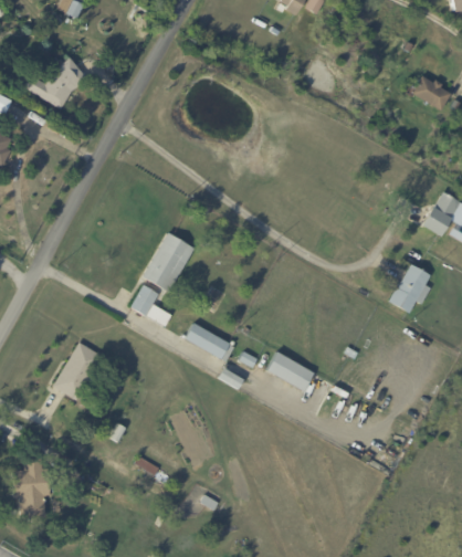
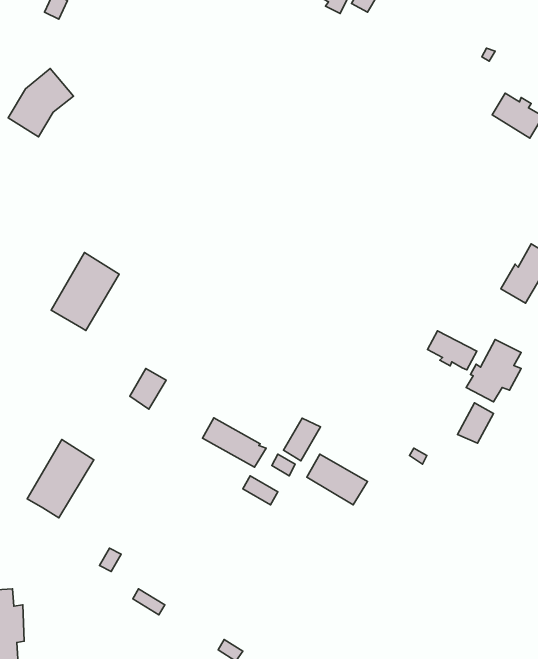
building: [144,232,196,292] -> [51,252,119,331]
building: none -> [428,331,477,370]
building: none -> [458,403,494,443]
building: none -> [283,418,320,461]

